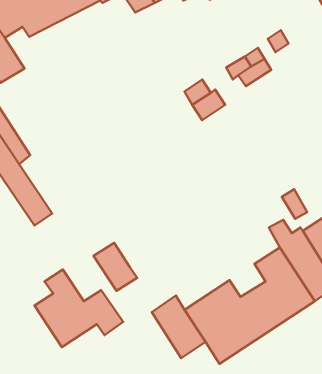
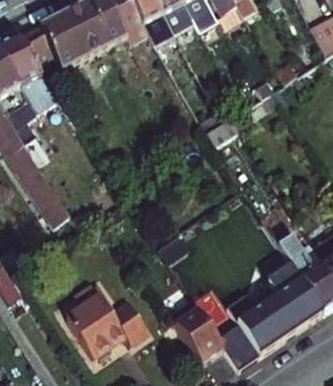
building: [93,243,137,291] -> none

